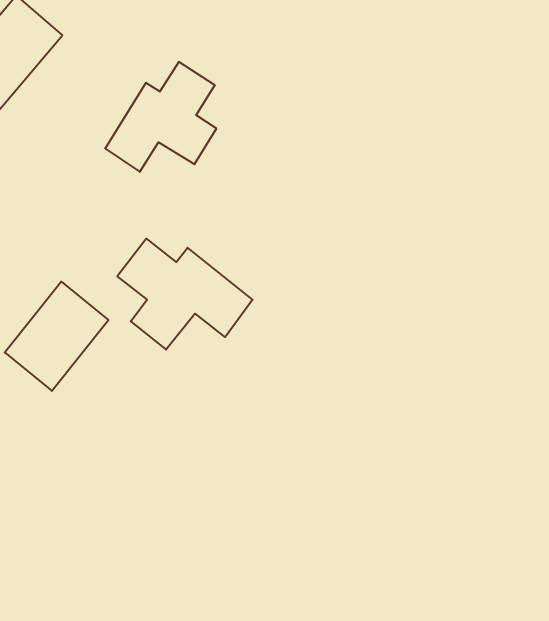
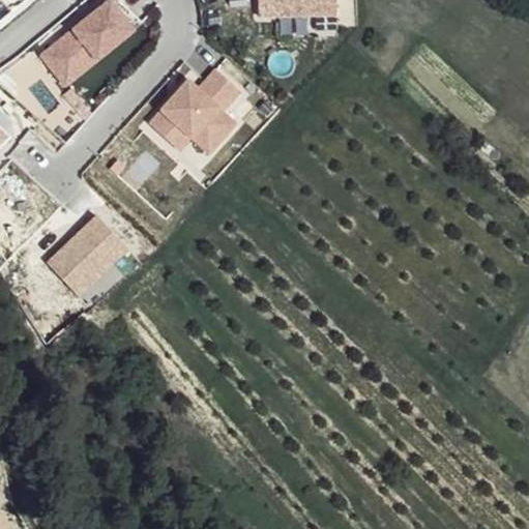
building: [117,239,253,350] -> none

